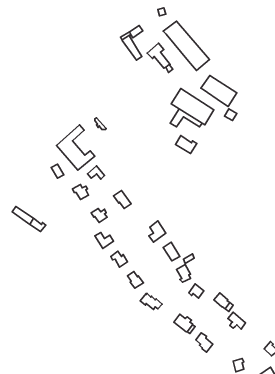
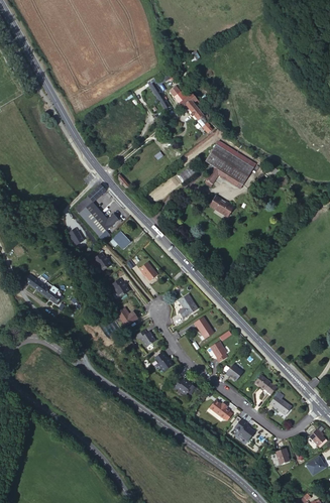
building: [163,21,209,70] -> none
building: [201,76,237,106] -> none

